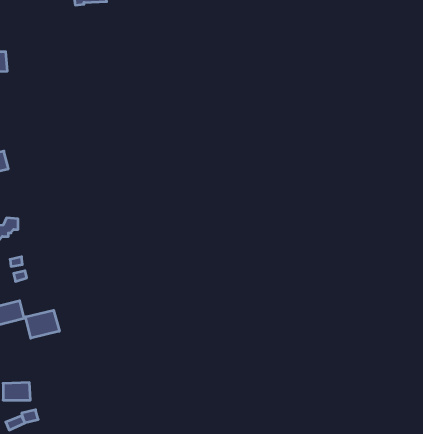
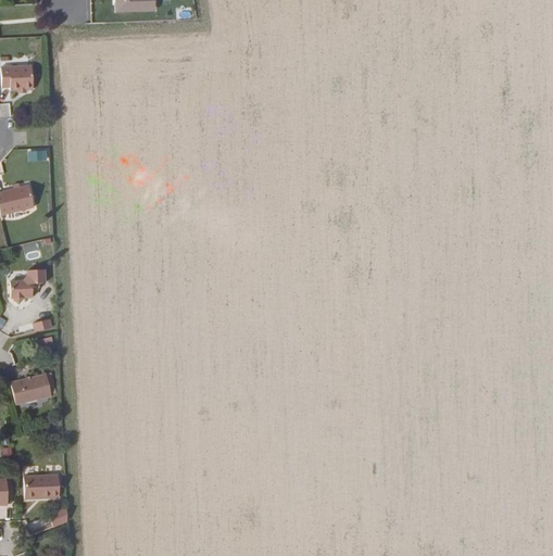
building: [26,310,59,338] -> none

